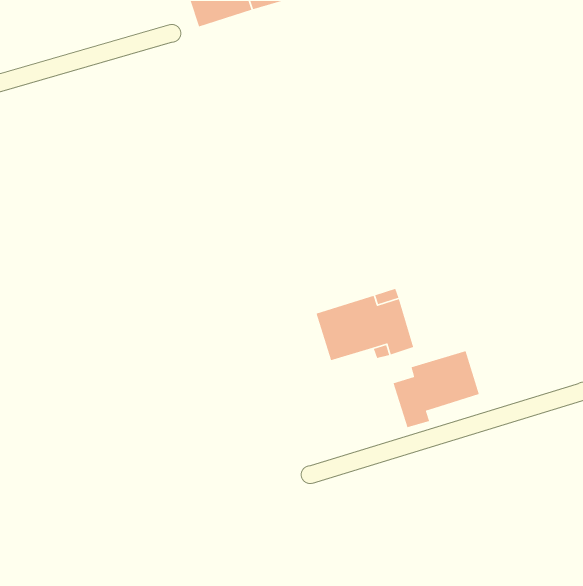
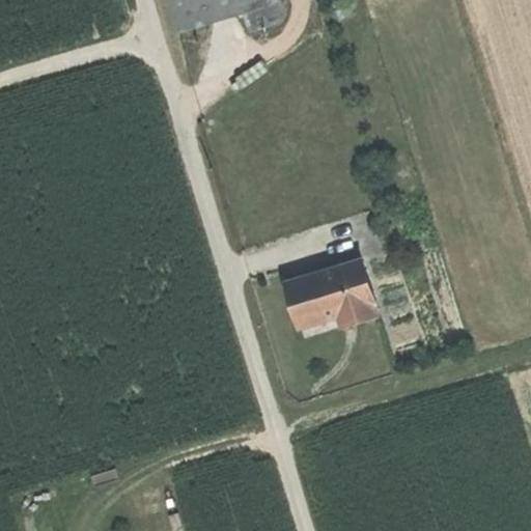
building: [393,350,480,428] -> none

